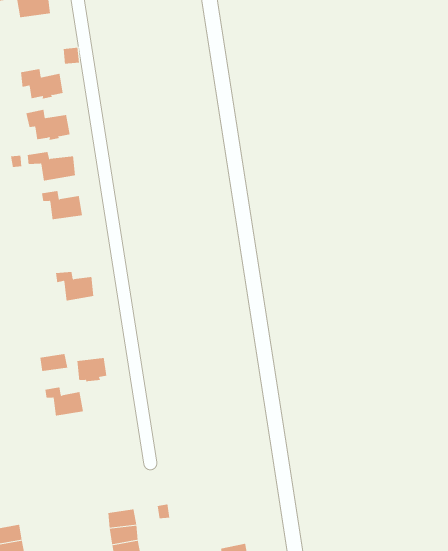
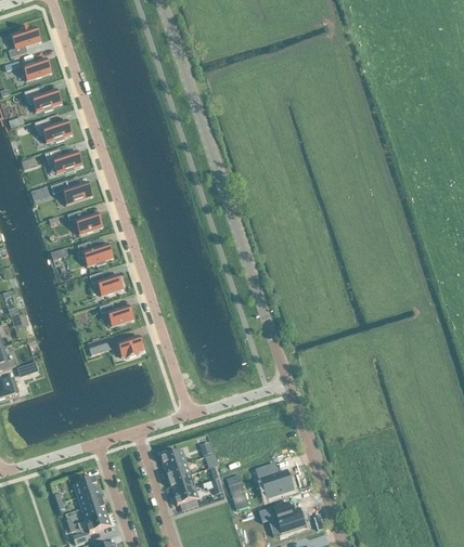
building: none -> [24,87,62,112]
building: none -> [78,242,113,265]
building: [45,387,84,416] -> [100,302,133,326]

